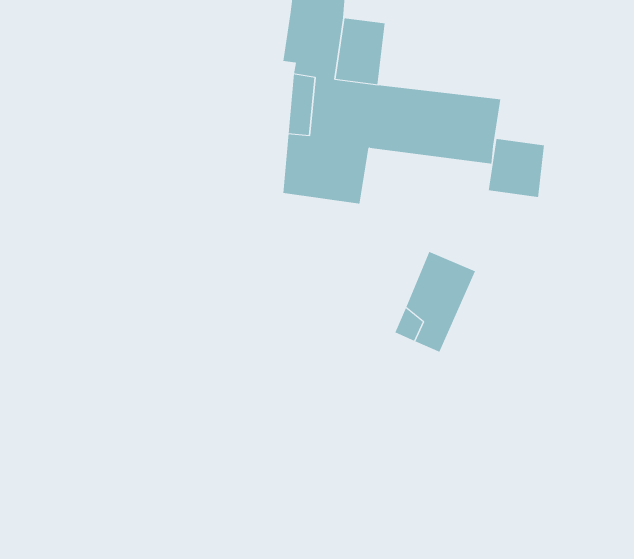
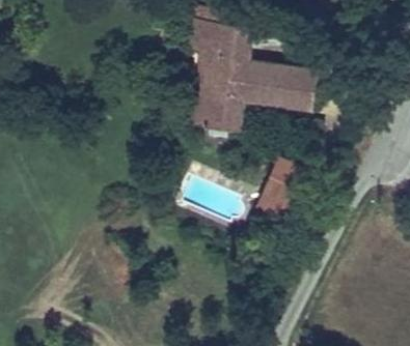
building: [488,138,544,198] -> none

